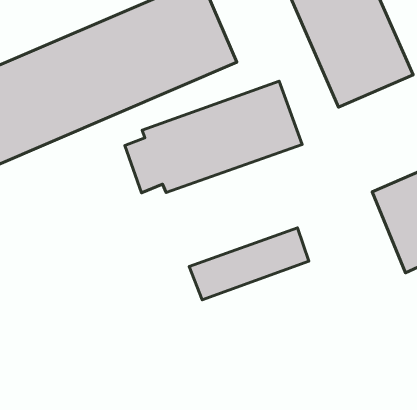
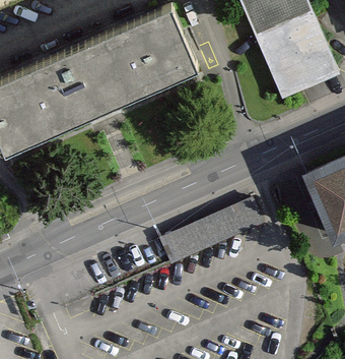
building: [125,81,302,193] -> none

